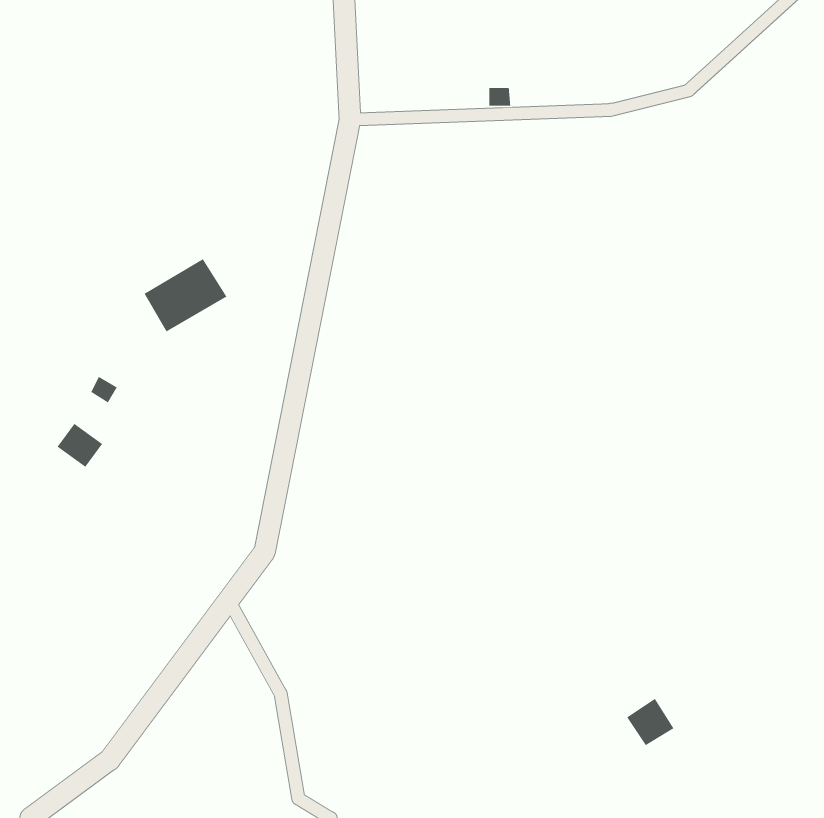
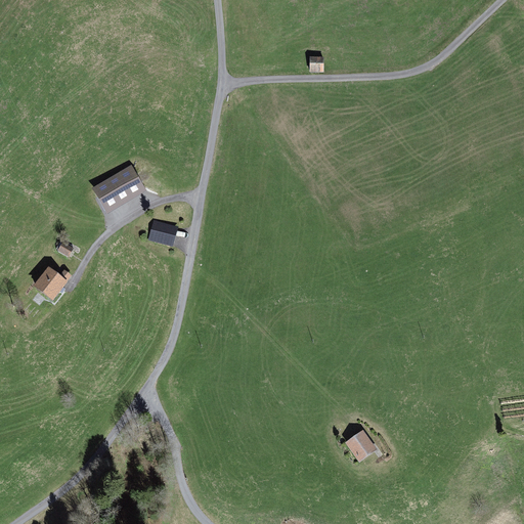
building: none -> [150,222,176,245]
building: [626,698,675,746] -> [346,428,377,458]

